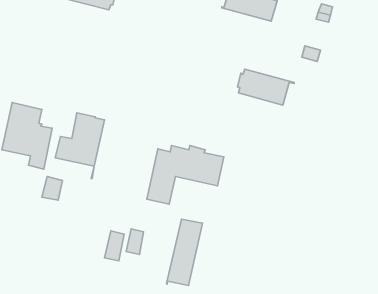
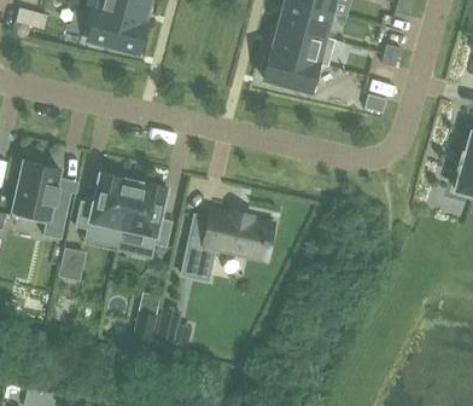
building: [238,69,294,105] -> [262,50,328,92]
building: none -> [118,181,173,250]
building: [166,219,202,285] -> none

